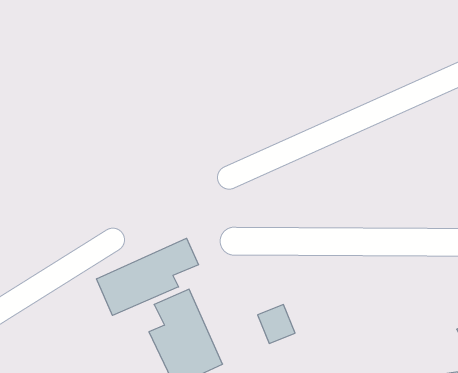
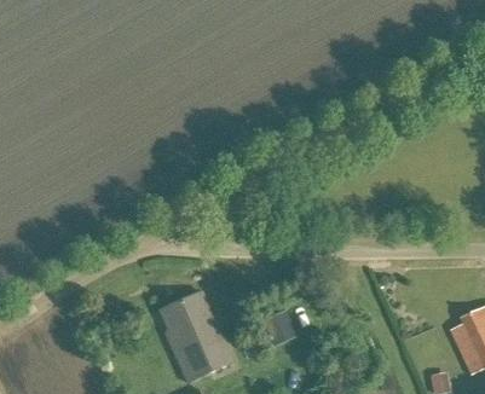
building: [97,238,199,315] -> none

